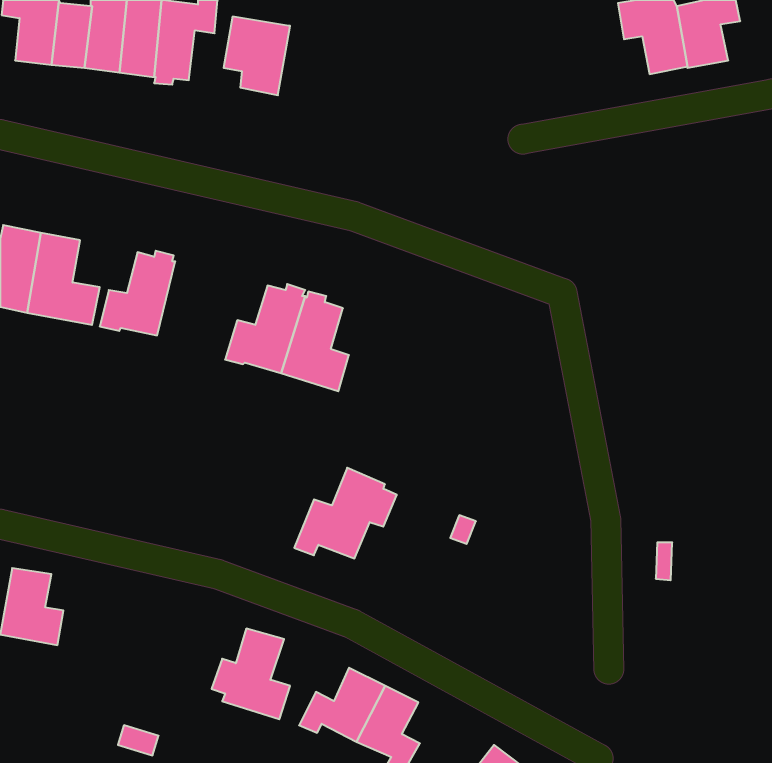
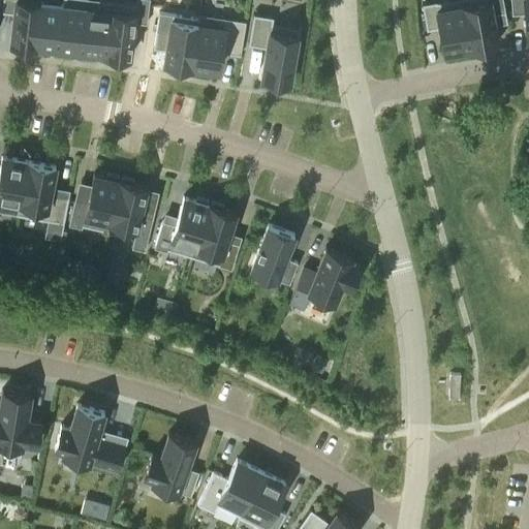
building: none -> [190,19,226,75]
building: none -> [248,19,298,87]
building: none -> [107,181,153,255]
building: none -> [250,228,298,288]
building: [294,468,397,558] -> [289,251,360,313]
building: none -> [70,409,115,466]

